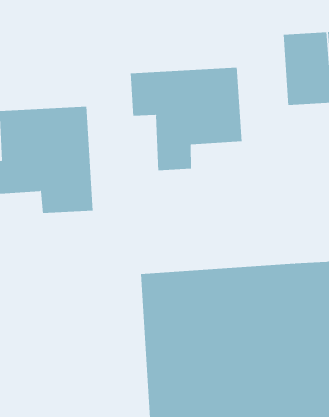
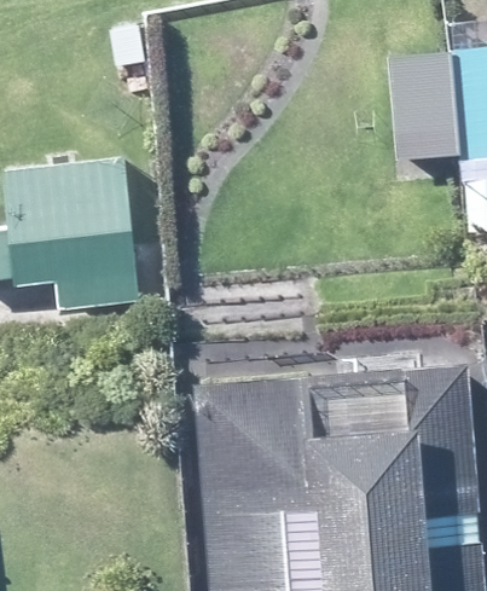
building: [130,67,242,171] -> none

